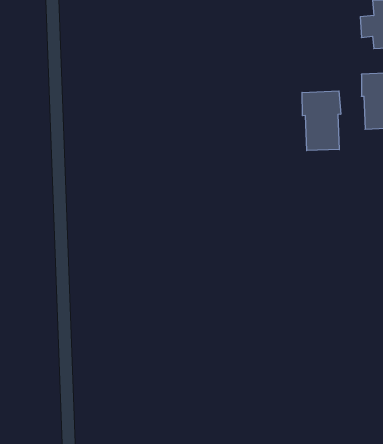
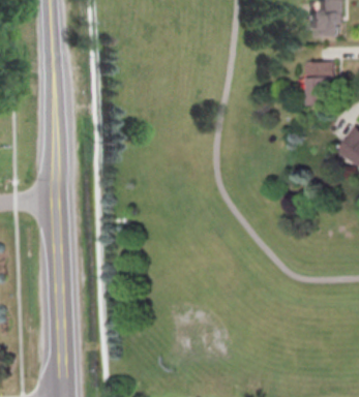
building: [302,91,341,151] -> none

